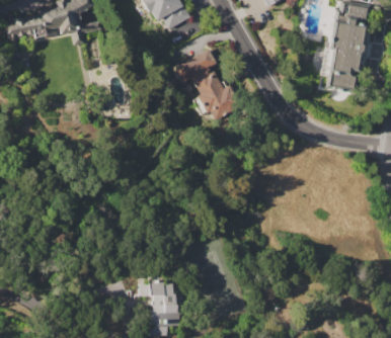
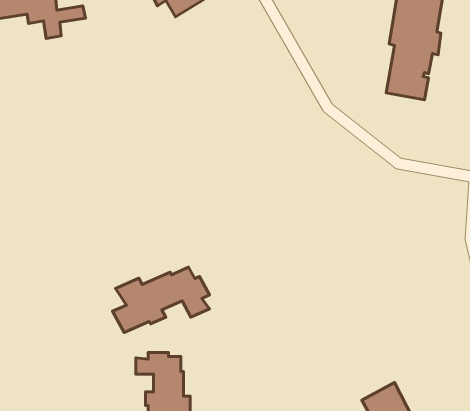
building: [177,49,237,120] -> none
building: none -> [113,267,210,332]

